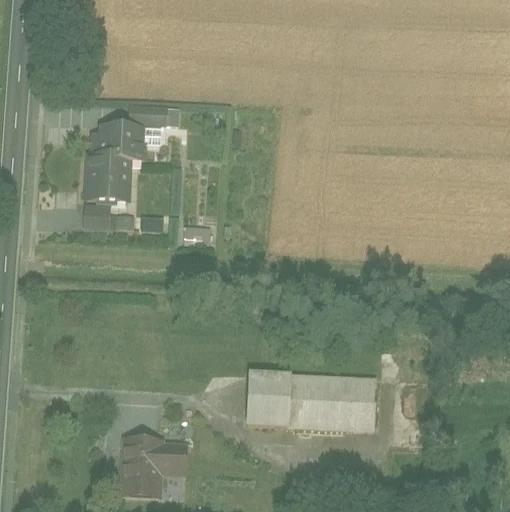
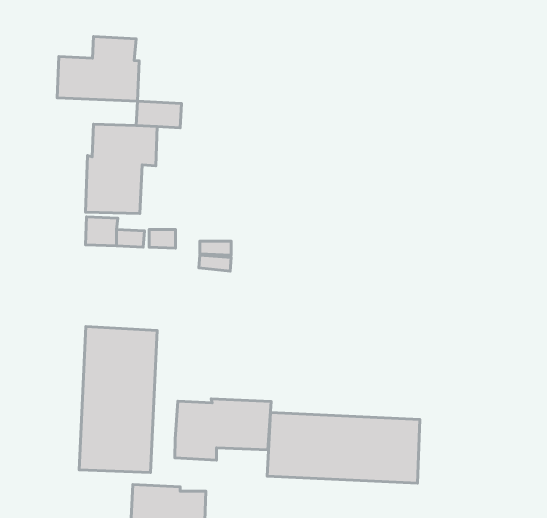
building: none -> [57,36,139,101]
building: none -> [79,326,157,473]
building: none -> [175,399,271,460]

